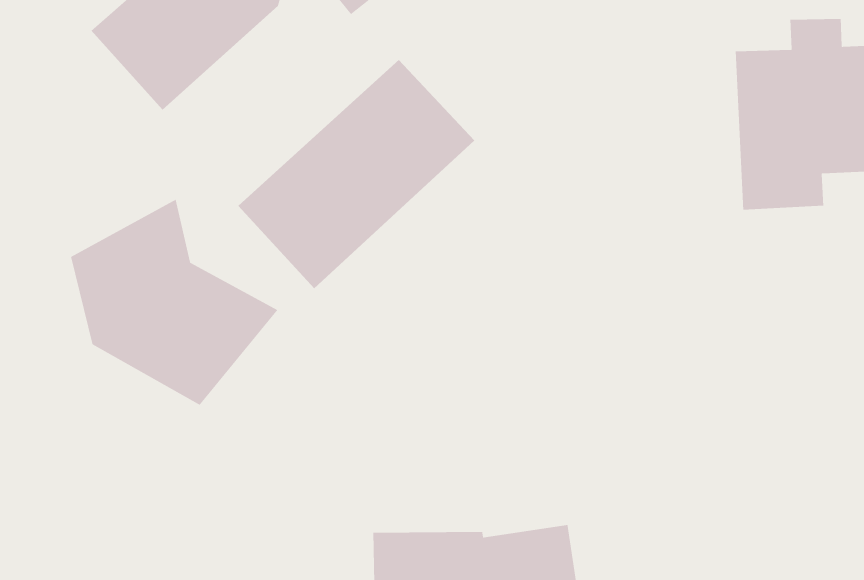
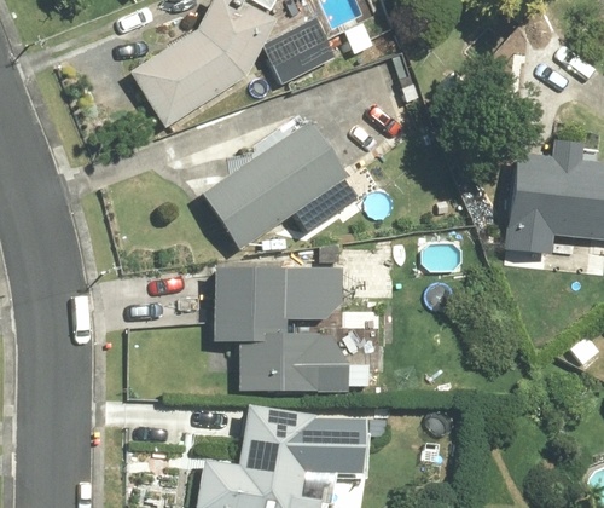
building: [70,198,279,406] -> none
building: none -> [214,264,350,388]

